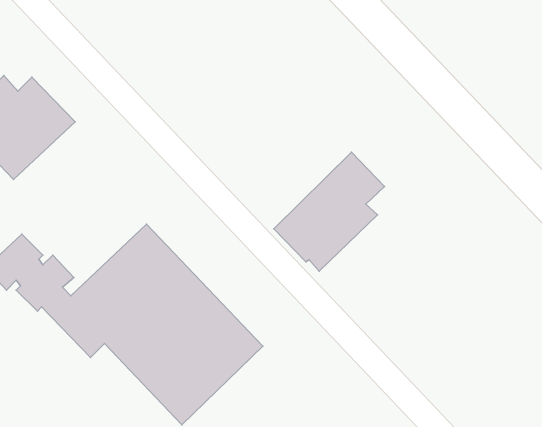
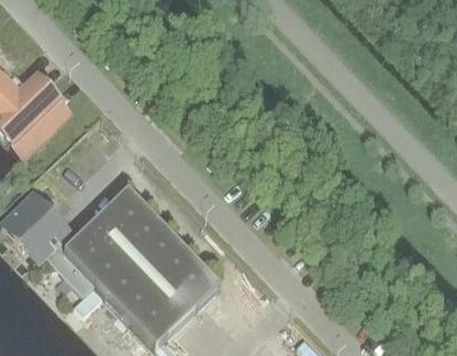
building: [274,152,384,271] -> none

